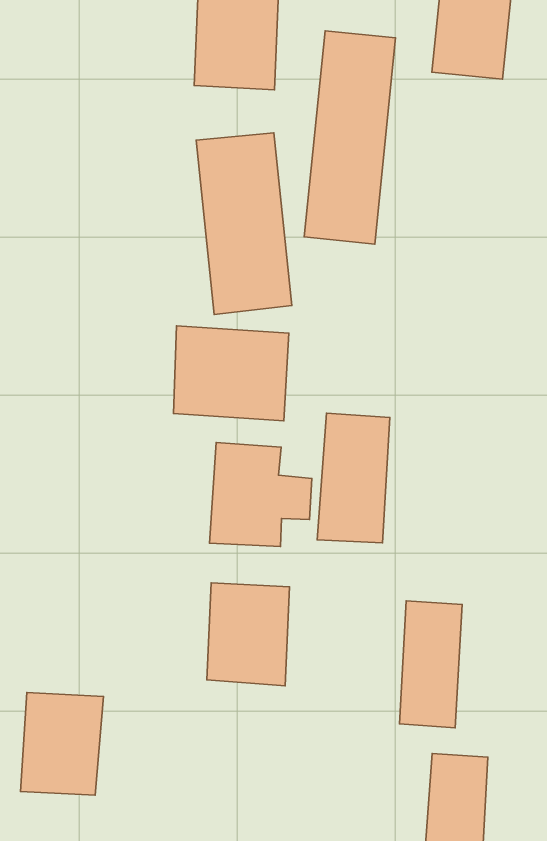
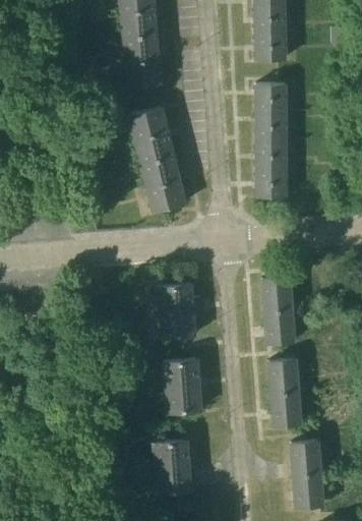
building: [304,31,396,244] -> [251,91,290,204]
building: [174,326,289,421] -> none
building: [317,413,390,543] -> [259,272,297,342]
building: [21,693,103,795] -> [152,437,194,493]

